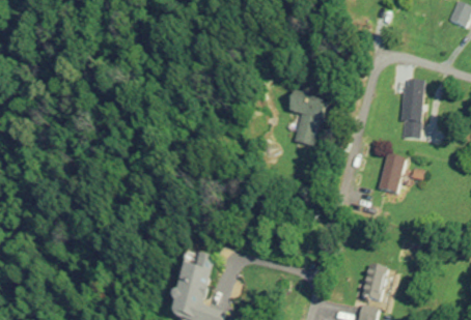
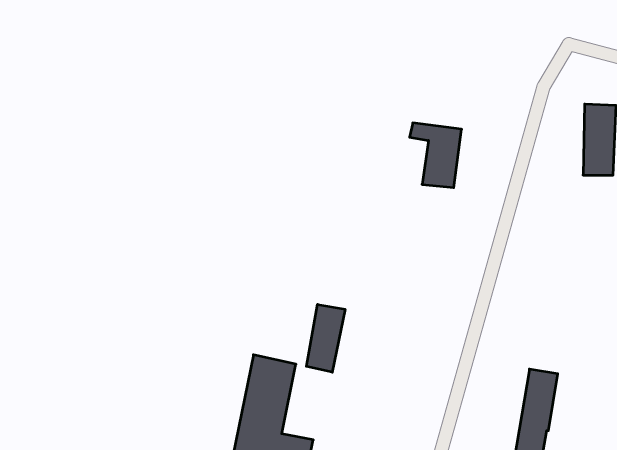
building: [378,152,406,192] -> none
building: none -> [306,304,345,372]

